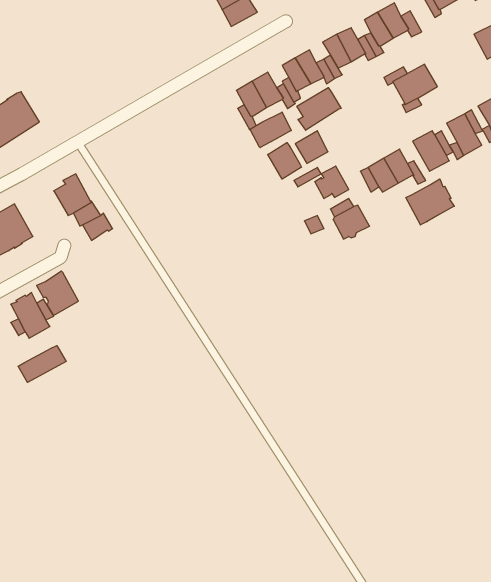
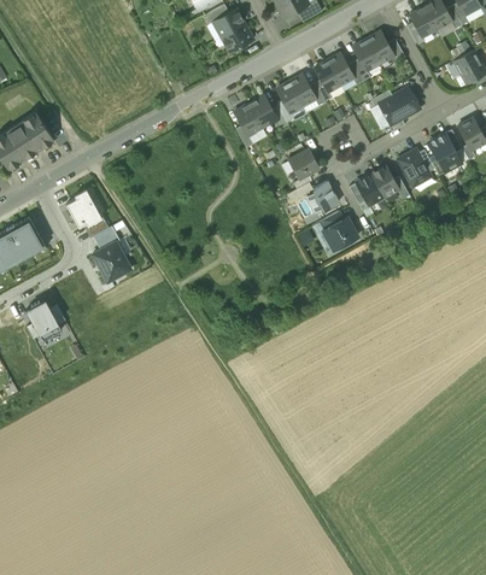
building: [297,88,341,130] -> none
building: [249,112,291,148] -> none
building: [268,143,301,179] -> none
building: [406,179,454,225] -> none
building: [37,271,78,315] -> [92,241,130,282]
building: [18,346,66,382] -> none

